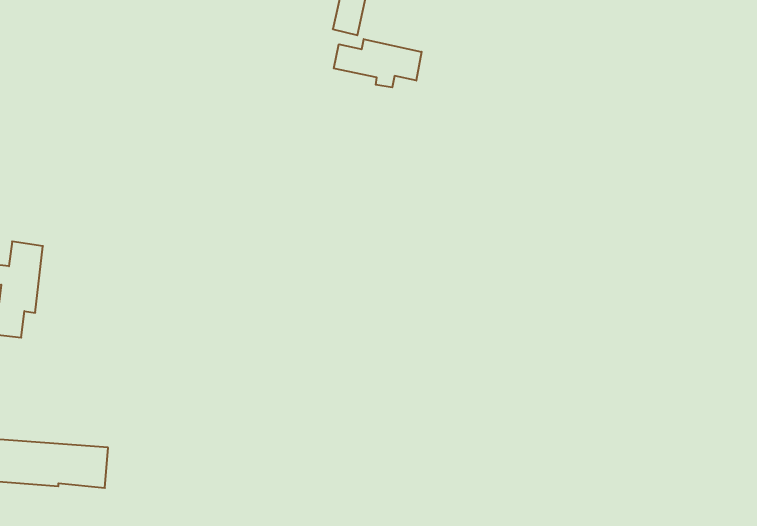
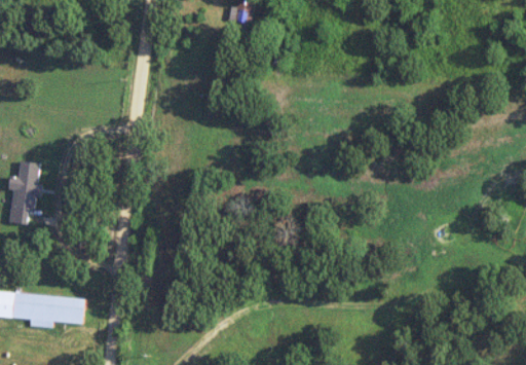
building: [334,39,422,87] -> none

